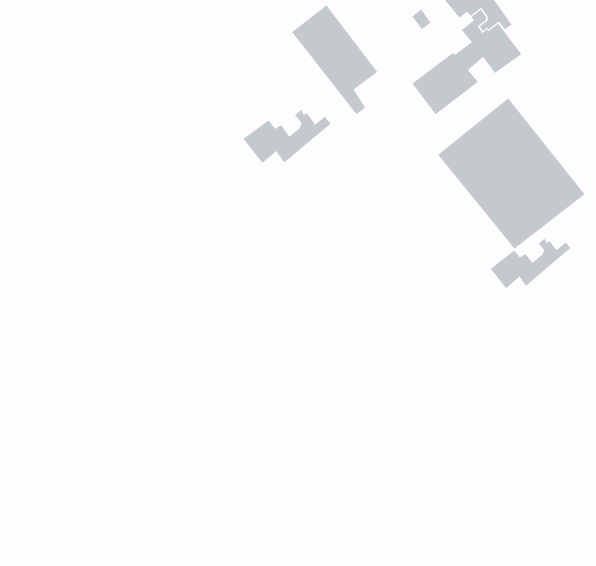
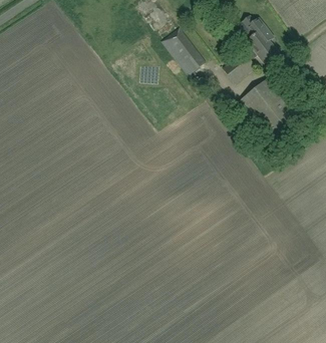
building: [243,109,332,164] -> none
building: [490,238,571,289] -> none

